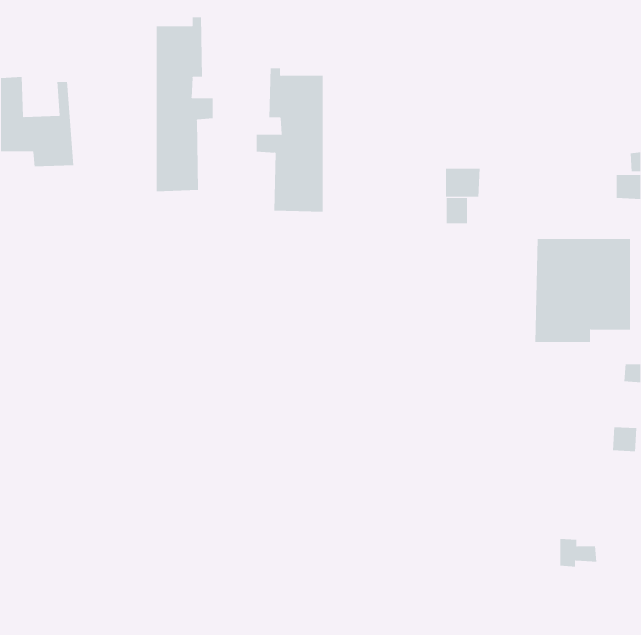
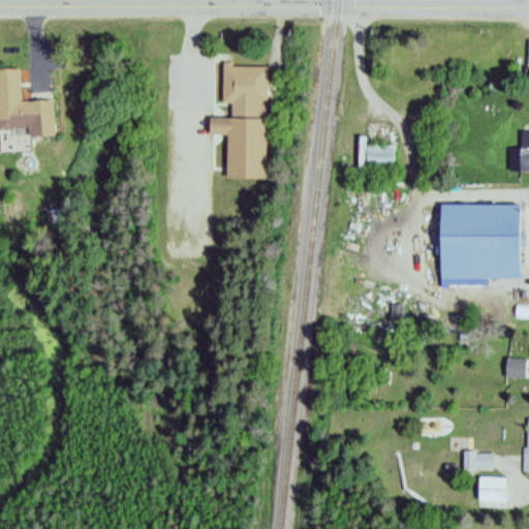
building: [156,16,213,192] -> none
building: [446,197,468,224] -> none
building: none -> [477,475,506,501]

